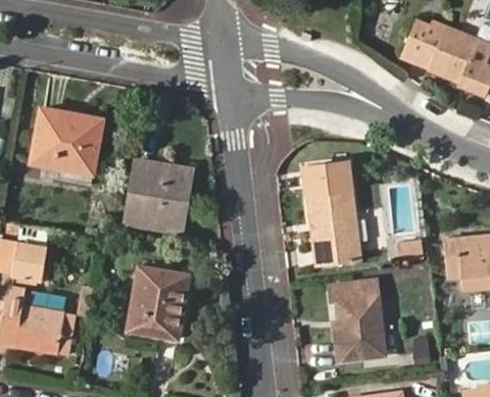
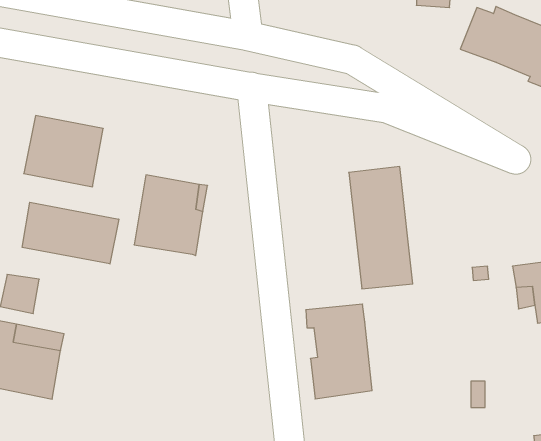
building: none -> [22,202,119,264]
building: [122,268,184,340] -> none
building: [331,281,388,362] -> [306,304,372,399]

